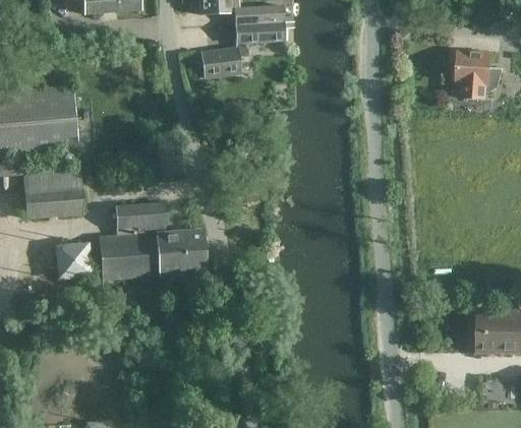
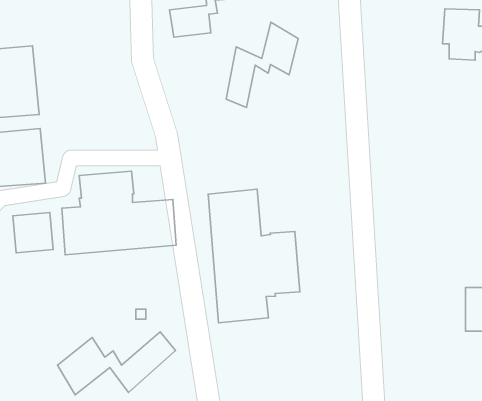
building: none -> [226,22,298,108]
building: none -> [208,189,300,323]
building: none -> [58,332,175,395]

